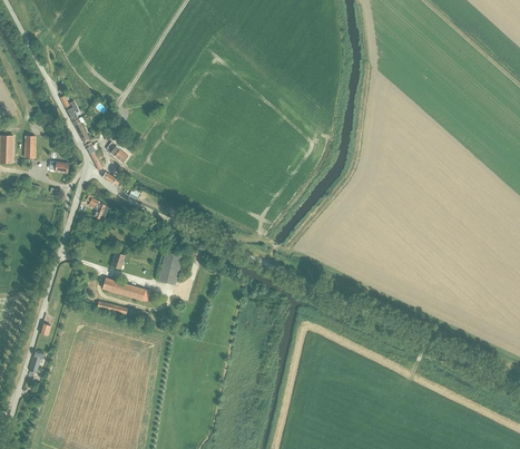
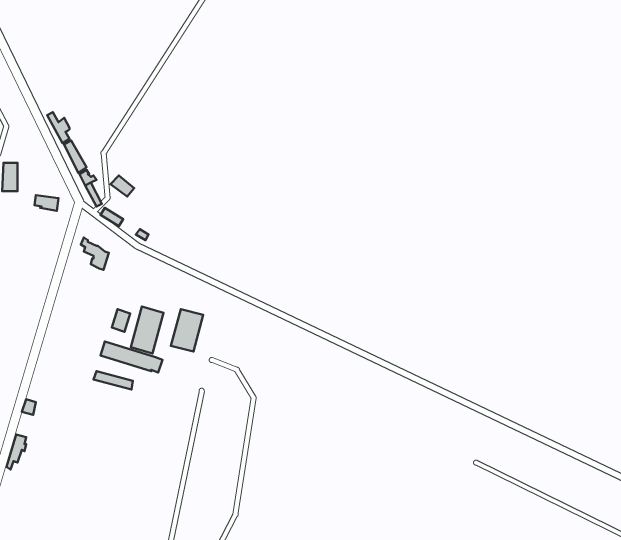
building: none -> [131,307,163,354]

